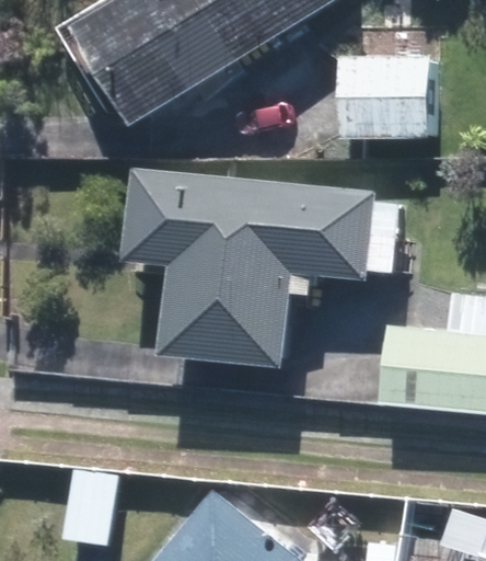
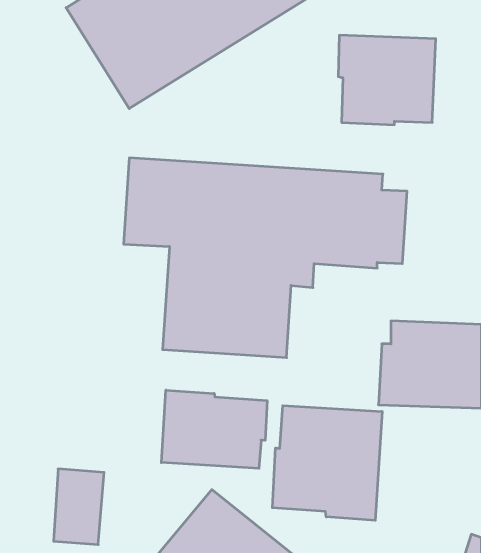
building: none -> [161,390,267,468]
building: none -> [272,406,382,520]

